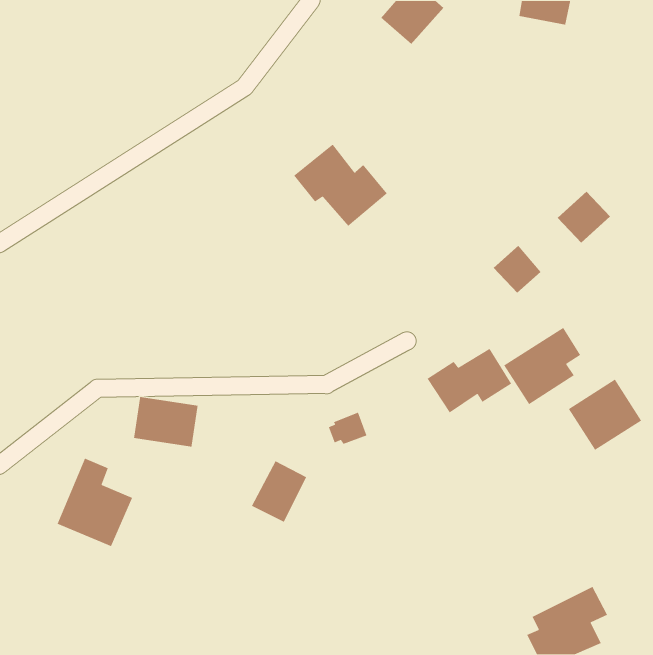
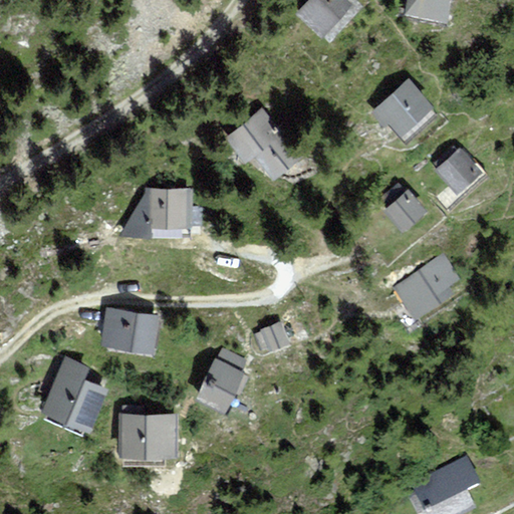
building: none -> [375,83,430,132]
building: none -> [149,191,187,231]
building: [427,348,512,413] -> none
building: [568,379,642,451] -> none
building: none -> [121,417,175,456]

